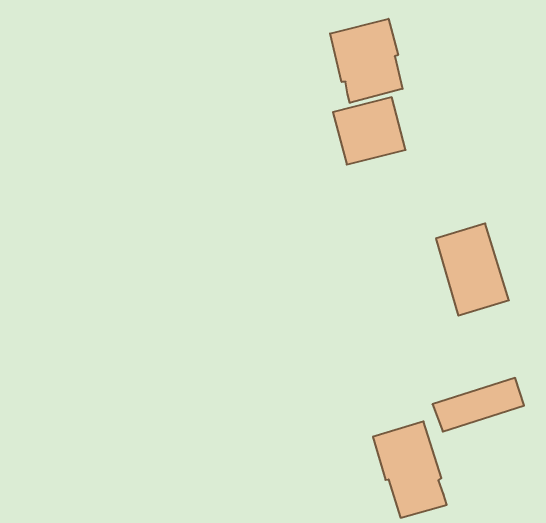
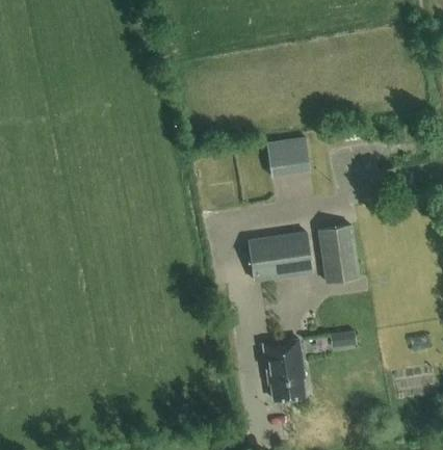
building: [330,19,403,103] -> none
building: none -> [249,232,314,282]

